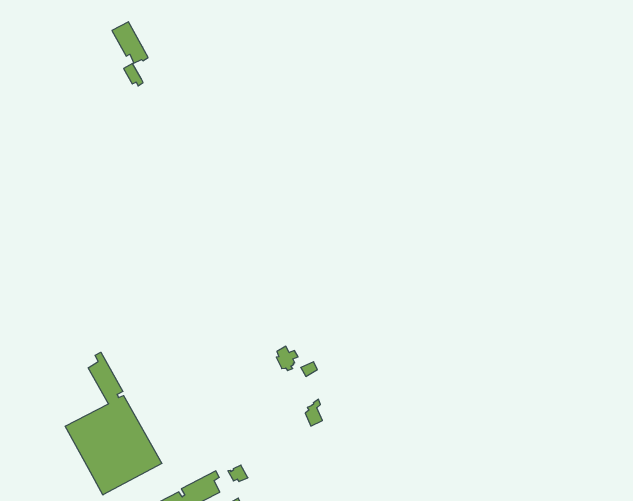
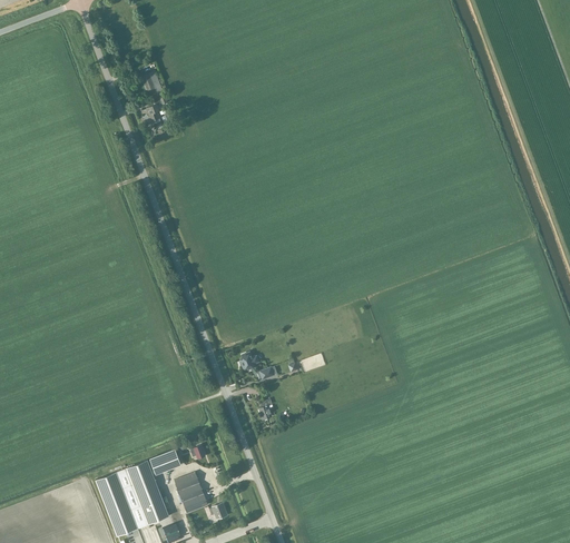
building: [65,352,162,495] -> none

